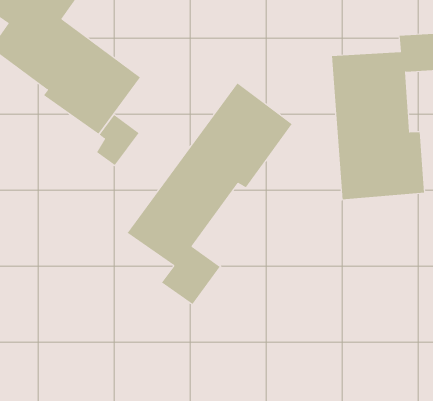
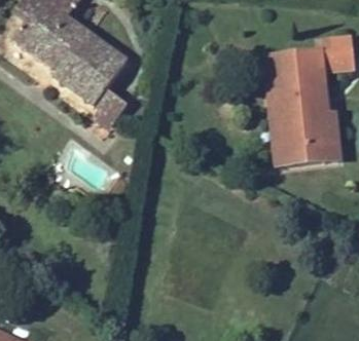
building: [127,83,292,305] -> none

